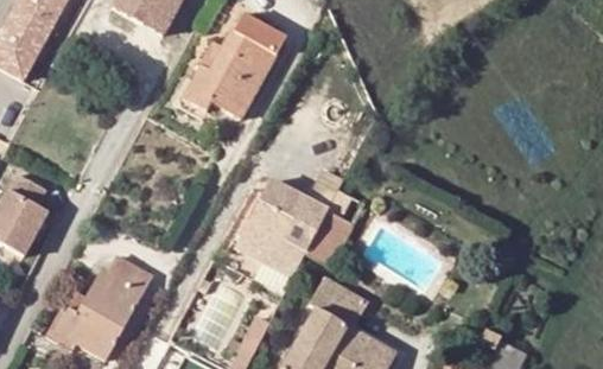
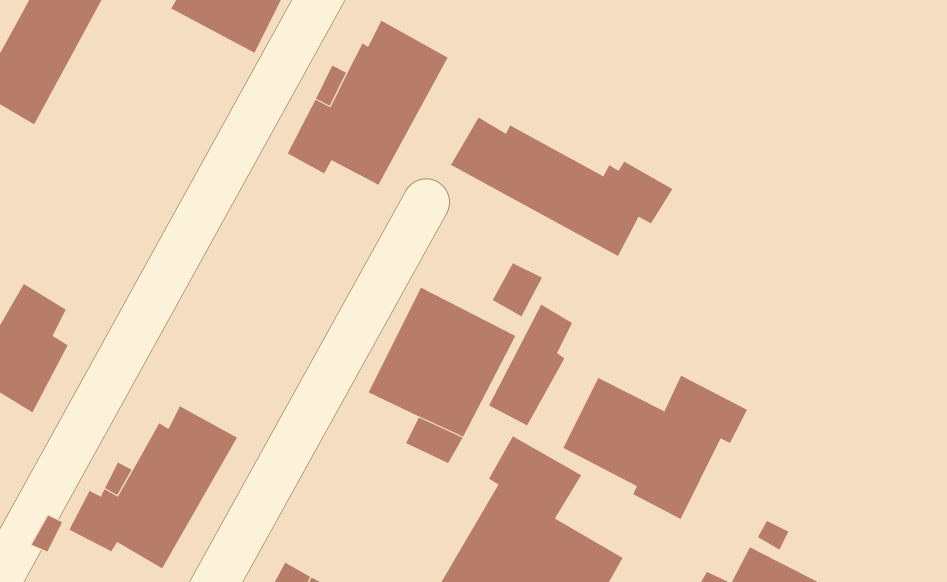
building: none -> [450,117,673,257]
building: none -> [562,375,748,520]

